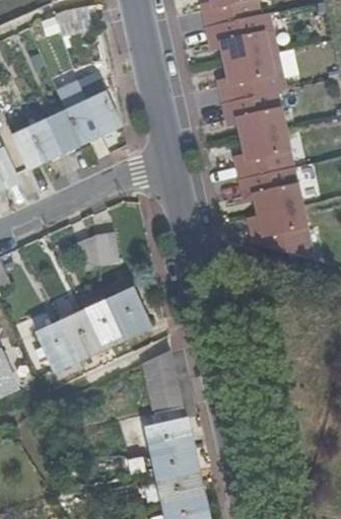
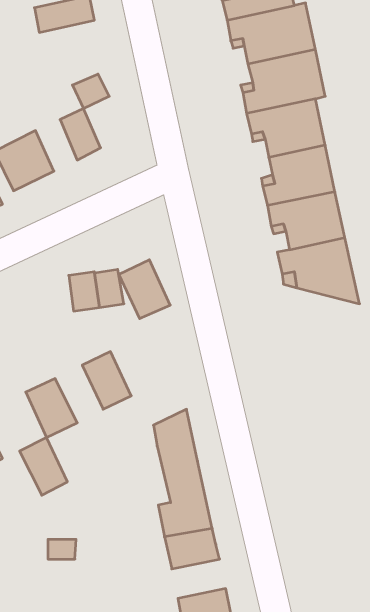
building: [85,89,120,132] -> none
building: [46,108,80,151] -> none
building: [108,288,150,337] -> [119,260,170,319]
building: [62,311,101,359] -> [20,438,67,495]
building: [158,471,203,504] -> none

